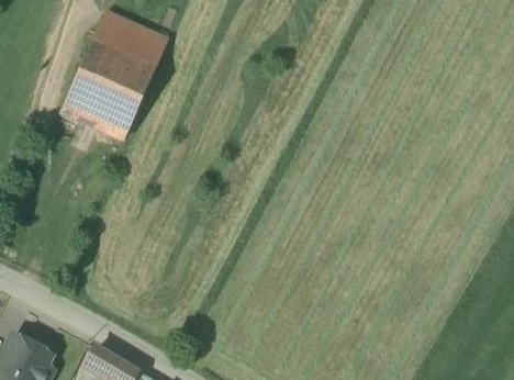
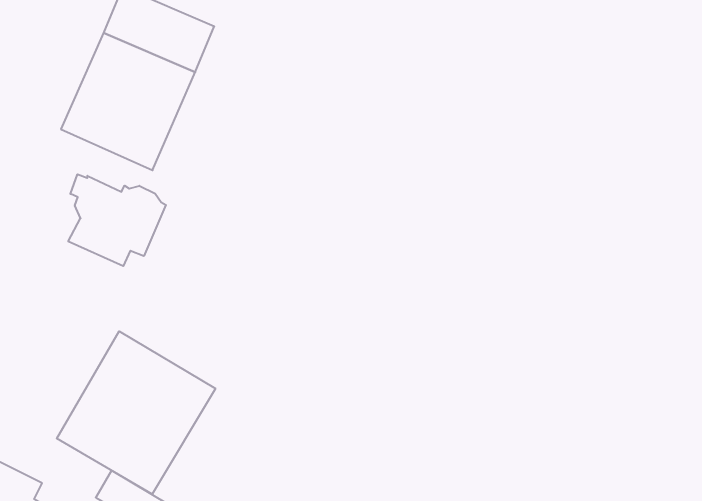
building: none -> [68,174,166,266]
building: none -> [57,331,215,494]

